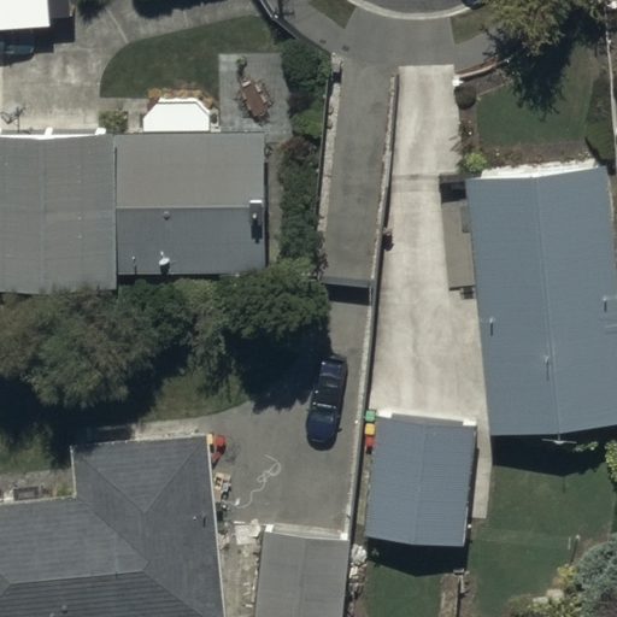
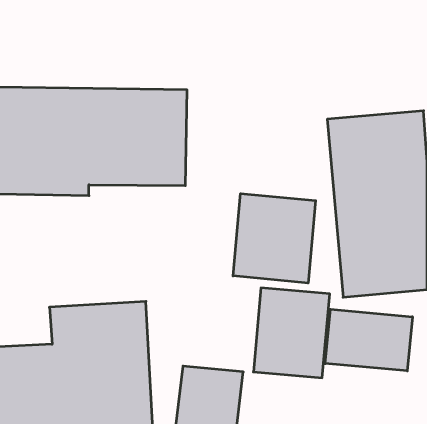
building: none -> [233,194,316,283]
building: none -> [325,309,412,371]

